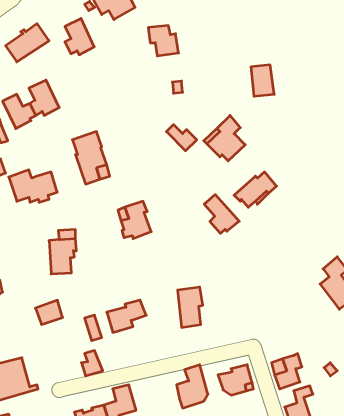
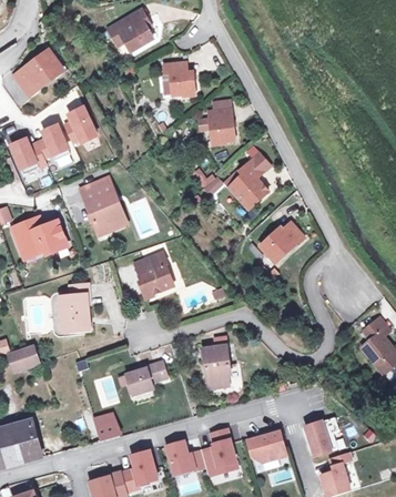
building: [65,18,94,55] -> [67,103,99,143]
building: [251,65,274,96] -> [215,105,241,140]
building: [204,195,239,233] -> none
building: [35,300,63,324] -> [11,341,41,367]
building: none -> [164,442,203,475]

